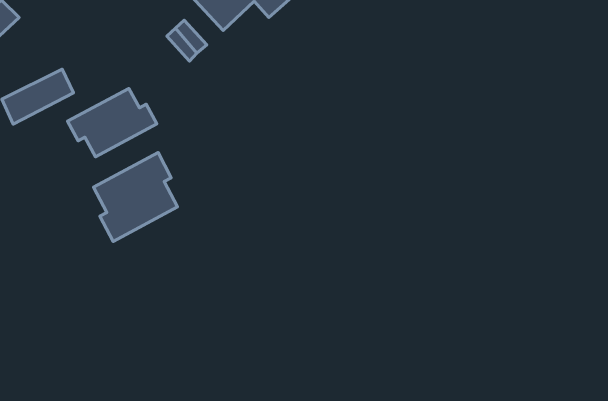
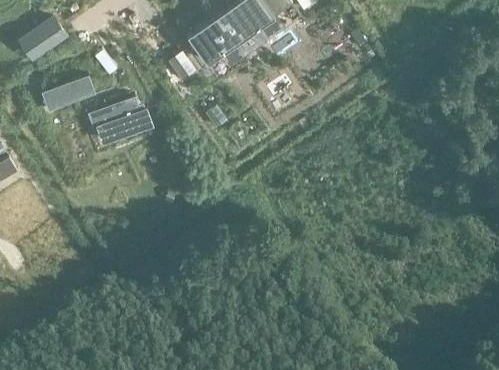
building: [94,153,178,241] -> none

